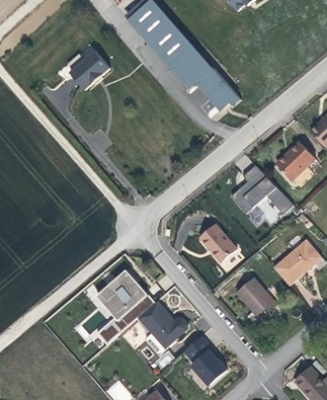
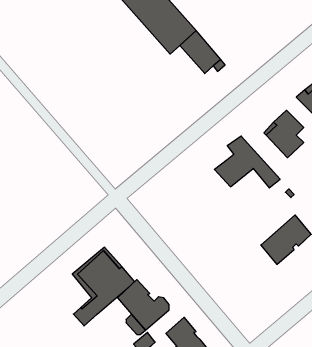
building: [69,51,109,90] -> none
building: [199,227,235,262] -> none
building: [238,279,277,320] -> none

